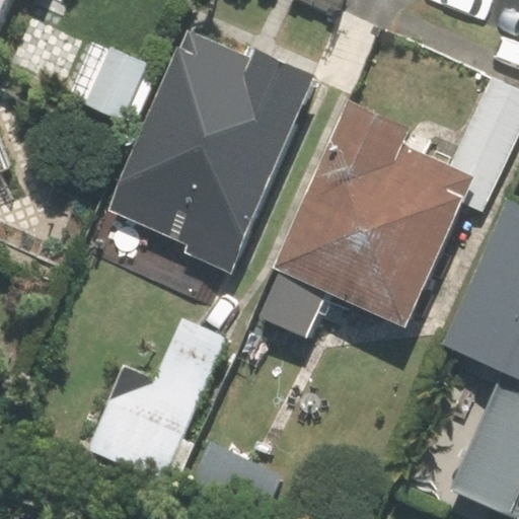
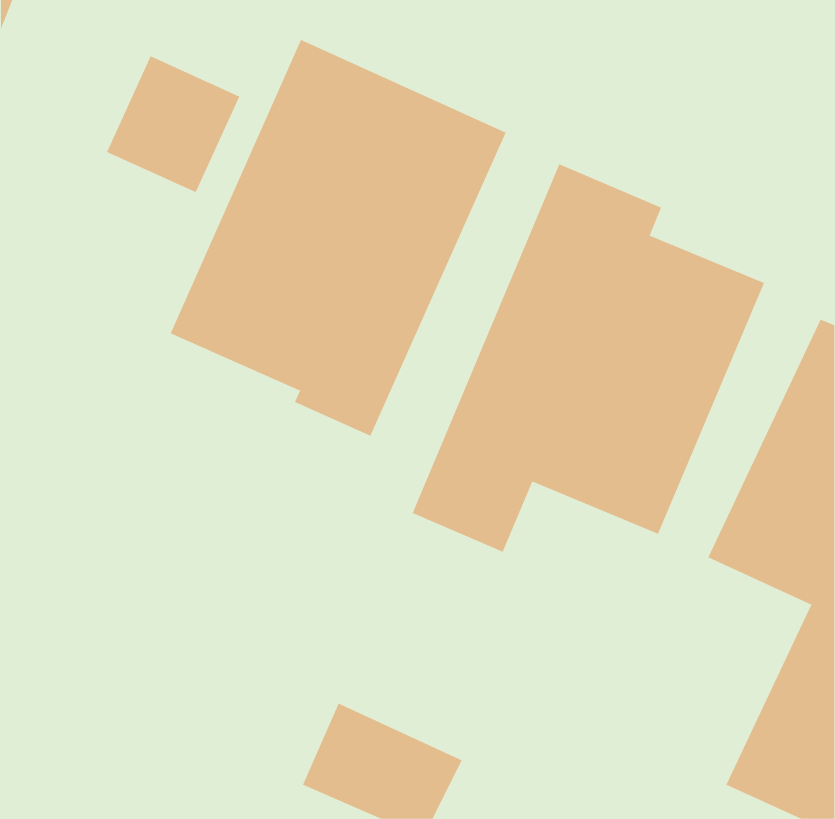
building: [86,313,230,479] -> none

